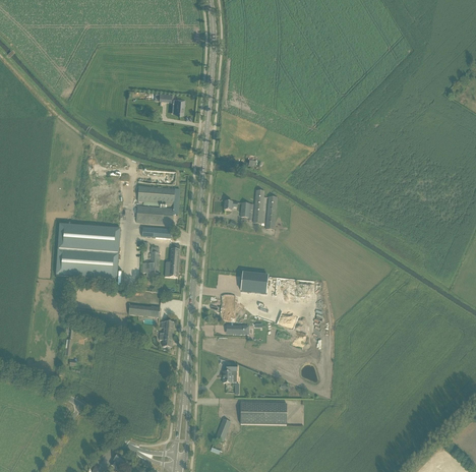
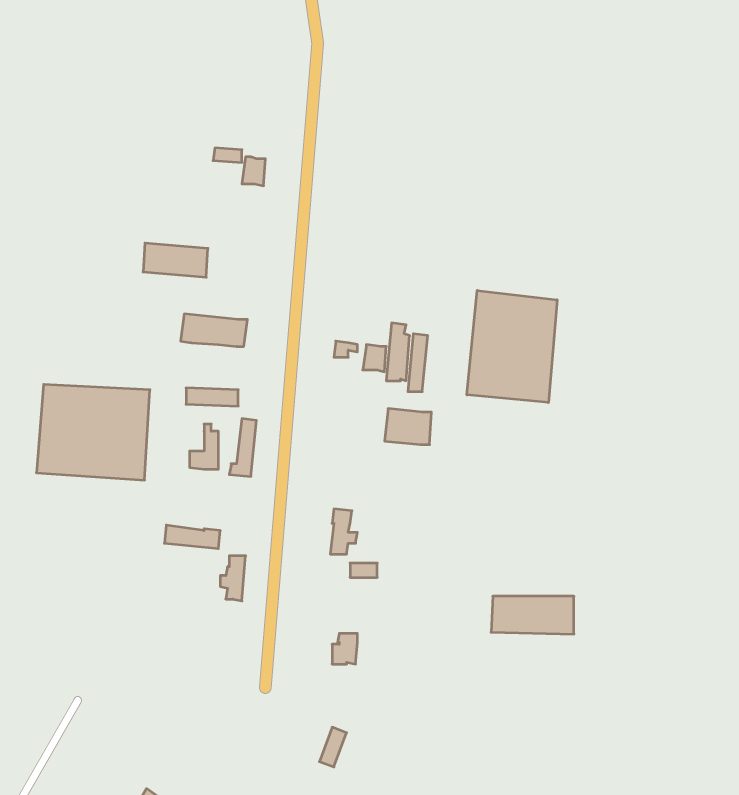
building: none -> [467,290,557,403]
building: [135,204,172,224] -> [143,243,208,277]
building: [240,272,266,292] -> [385,409,431,445]
building: [239,402,286,423] -> [491,596,574,634]

